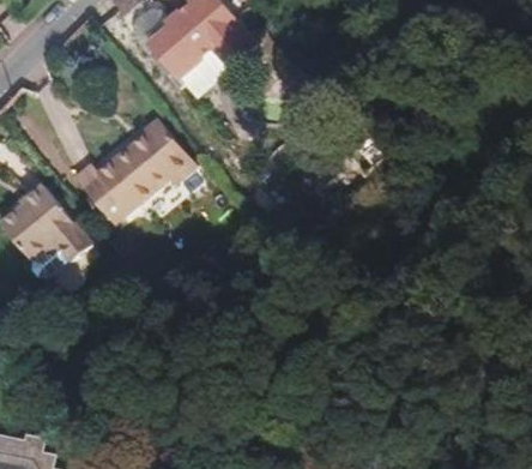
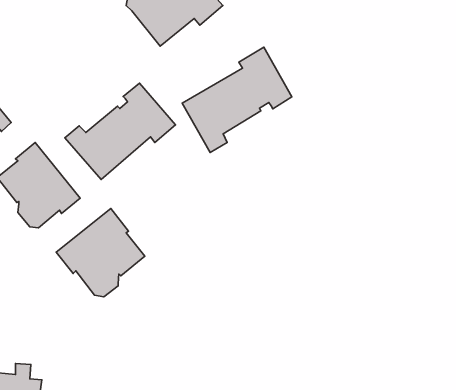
building: none -> [182,47,292,153]
building: none -> [56,208,145,297]

